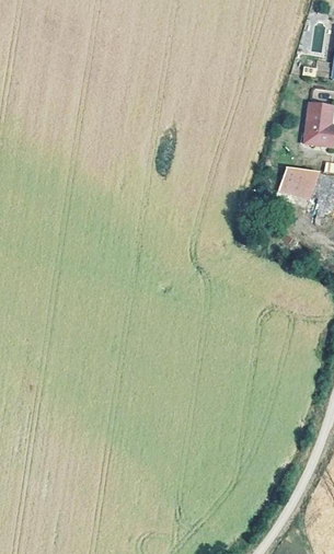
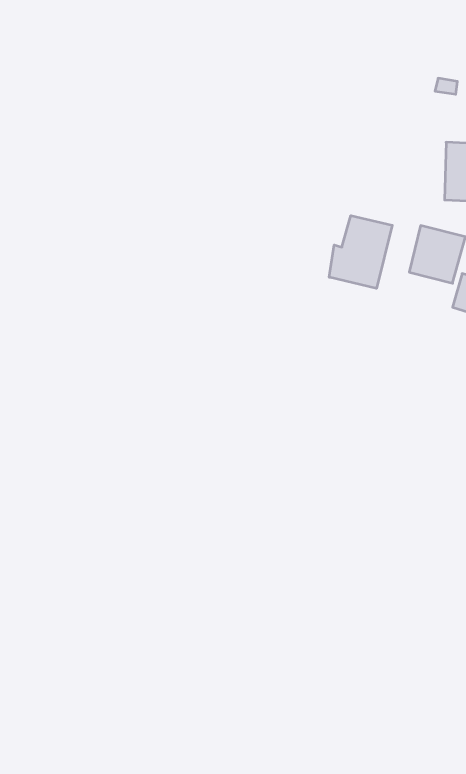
building: none -> [329,216,392,288]

